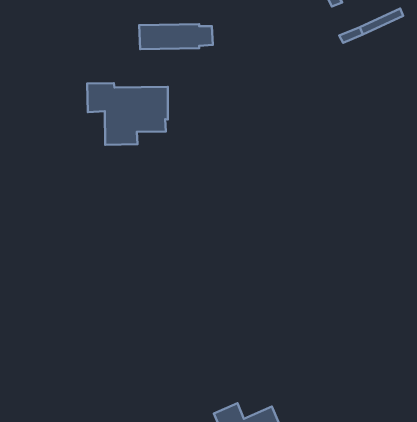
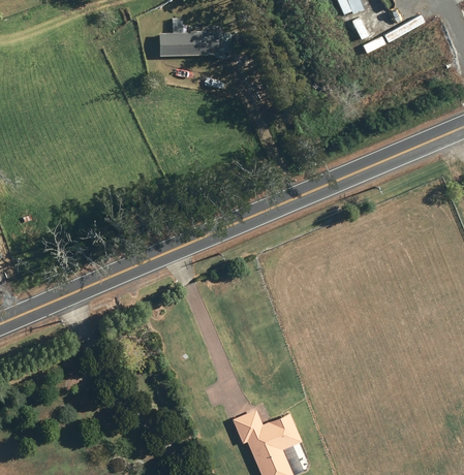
building: [87,83,168,145] -> none

